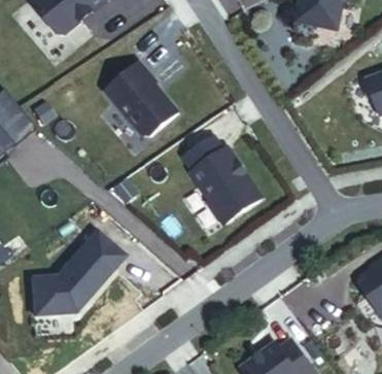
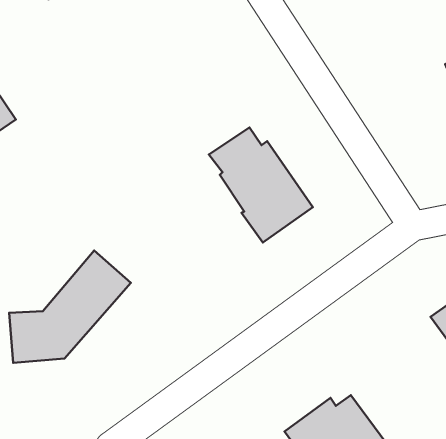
building: [105,61,179,135] -> none

